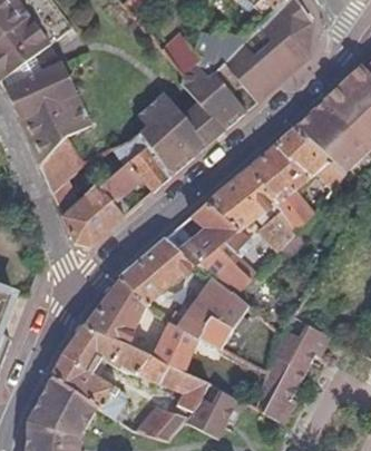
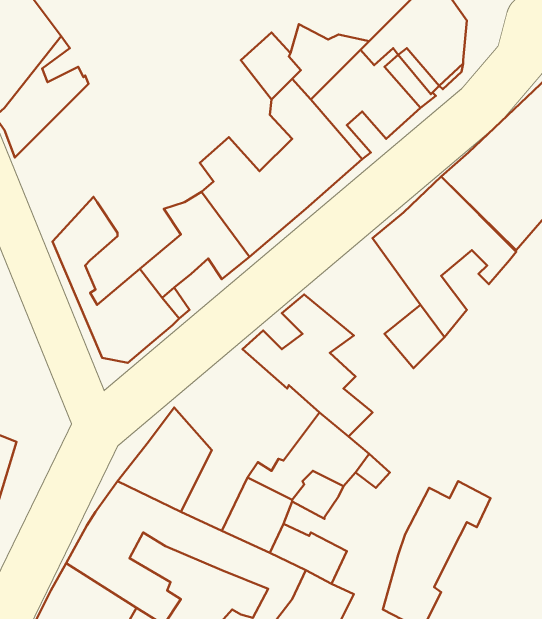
building: [18,66,92,168] -> none
building: [206,166,276,278] -> none
building: [121,238,195,304] -> none

